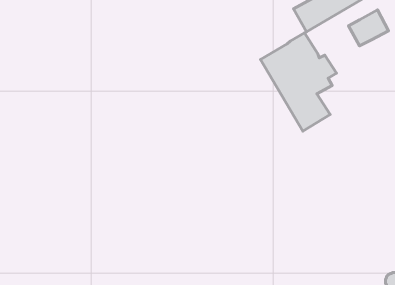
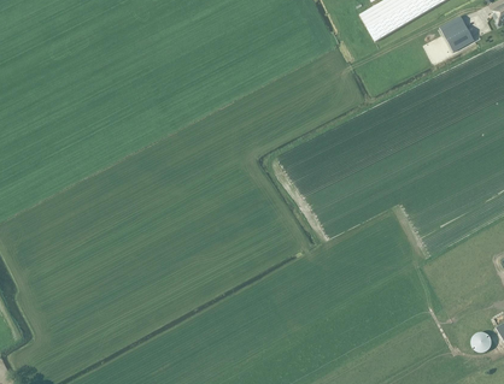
building: [261,33,337,131] -> none

